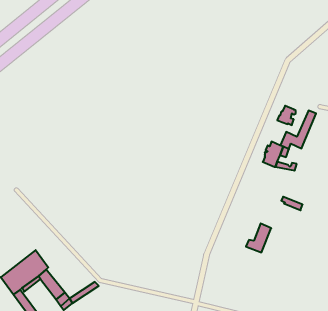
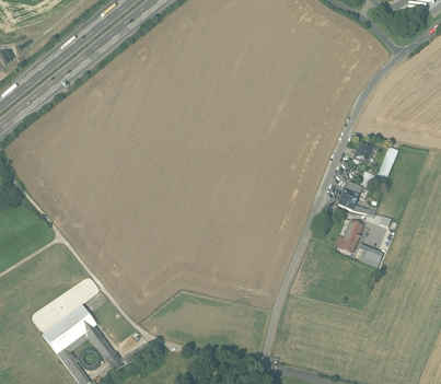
building: [246,223,271,252] -> [335,218,363,251]

